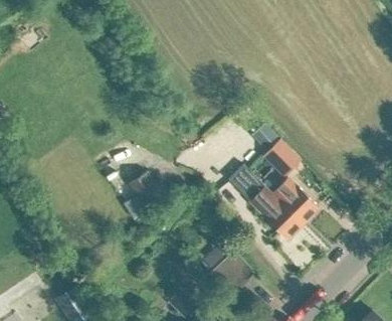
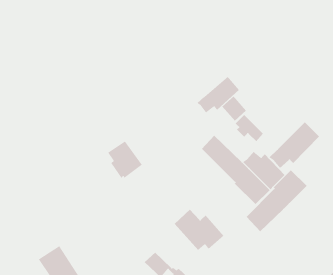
building: none -> [197,76,240,113]
building: none -> [269,121,320,169]
building: none -> [246,170,307,232]

